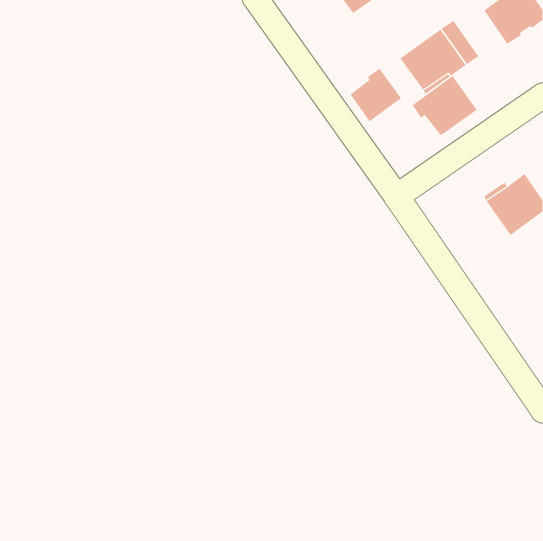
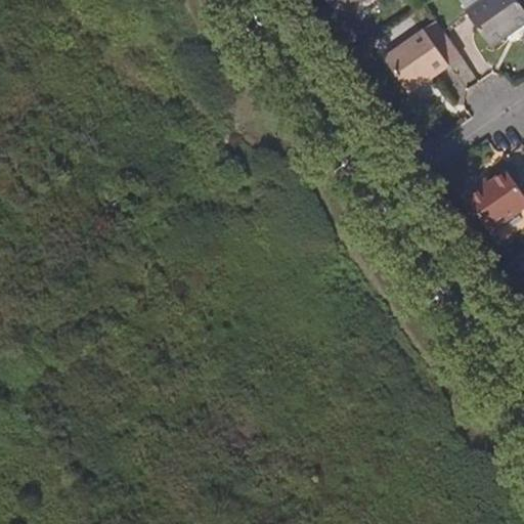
building: [350,68,402,122] -> none
building: [412,75,477,136] -> none

